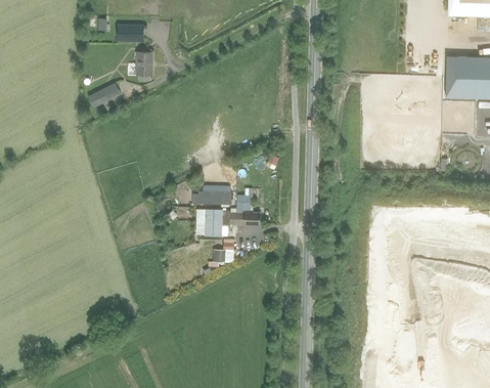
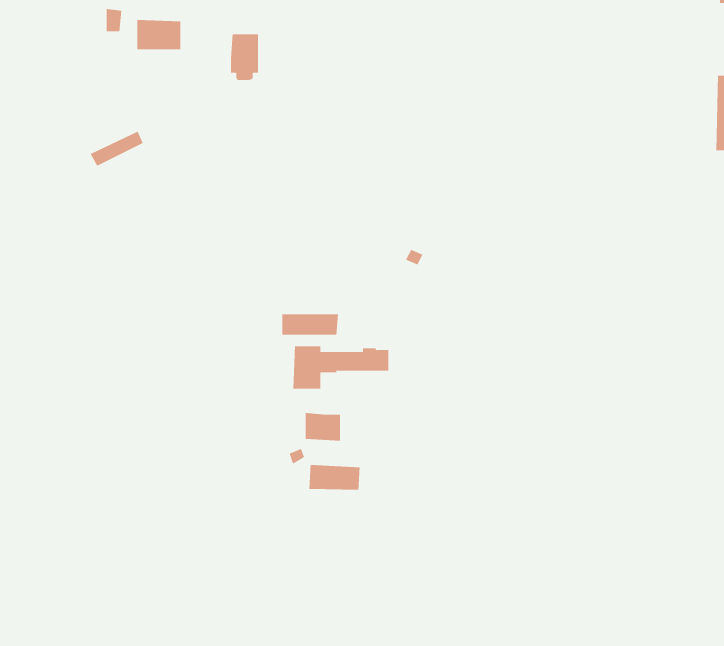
building: [136,53,152,80] -> [230,34,259,80]
building: none -> [309,464,360,491]

